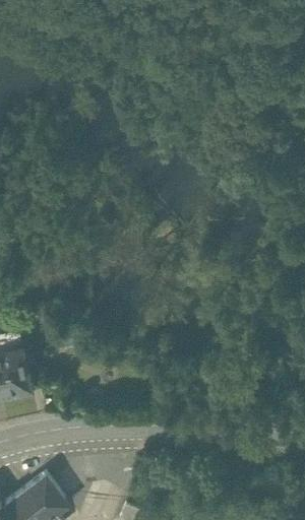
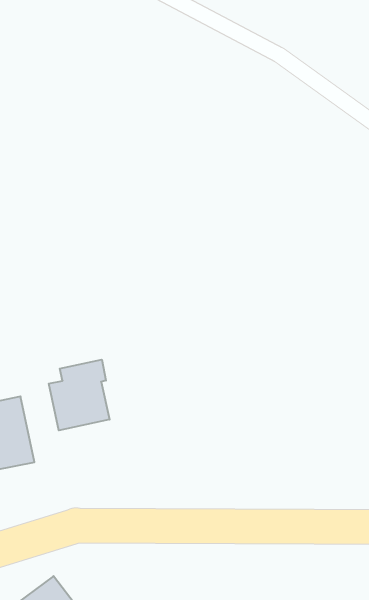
building: none -> [49,360,110,430]

